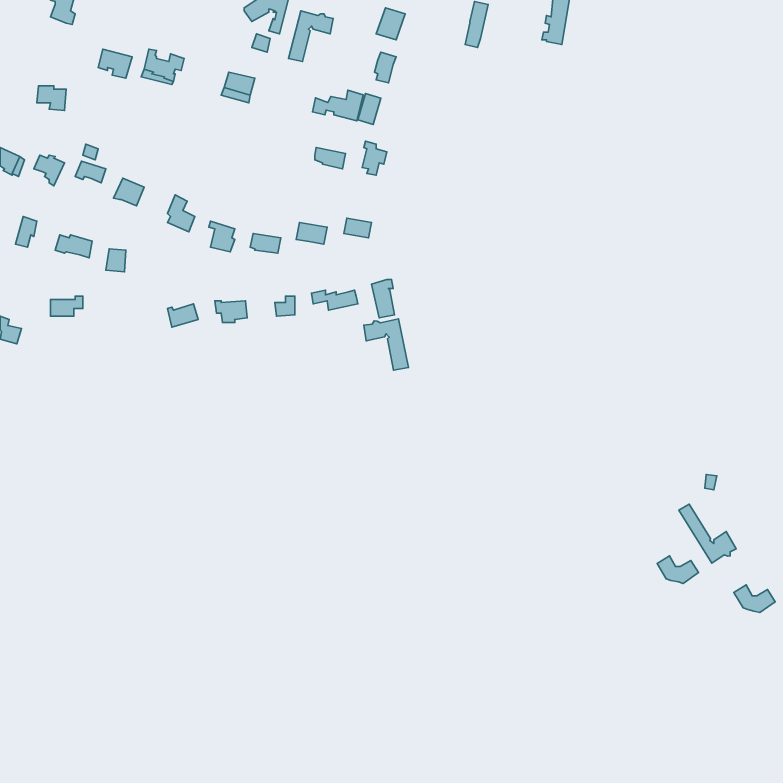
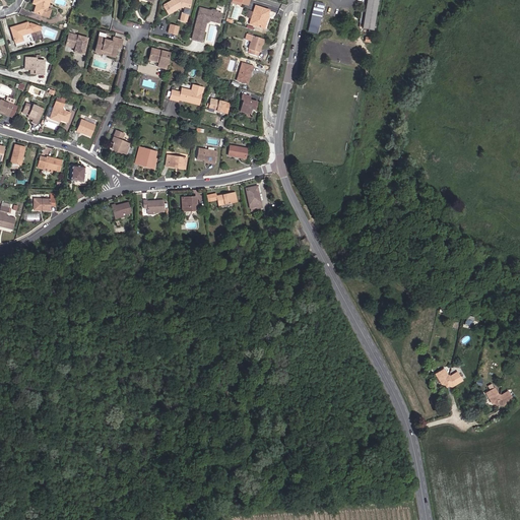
building: none -> [11,20,42,46]
building: [312,90,363,121] -> [170,83,203,104]
building: [364,319,408,370] -> none
building: [679,504,736,563] -> none

